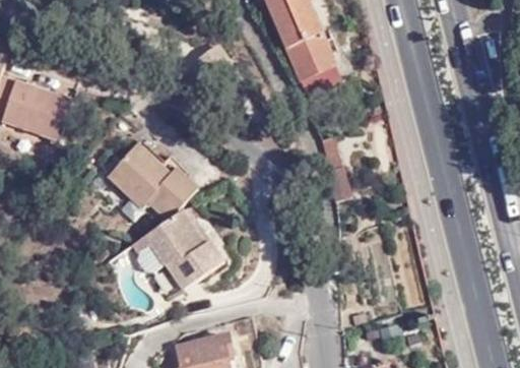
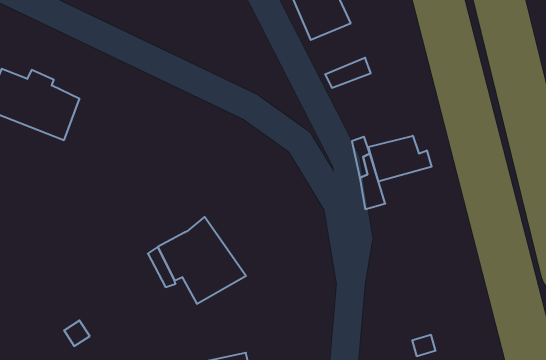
building: [284,33,334,79] -> none
building: none -> [368,136,432,181]
building: [112,143,203,223] -> none

